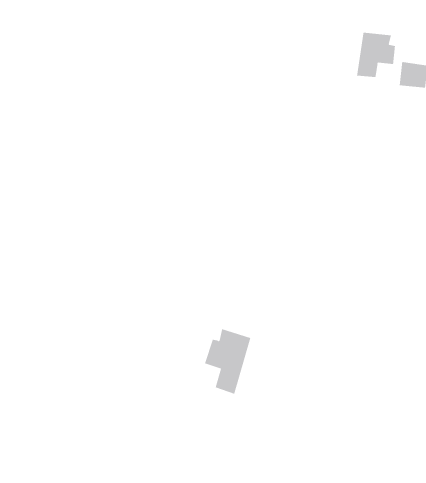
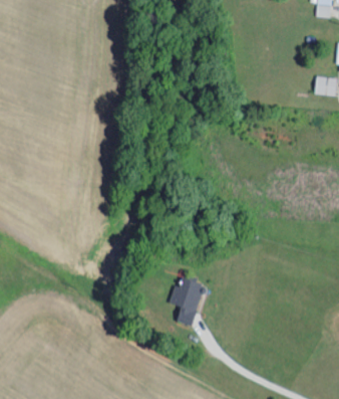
building: [357,32,395,78] -> none

